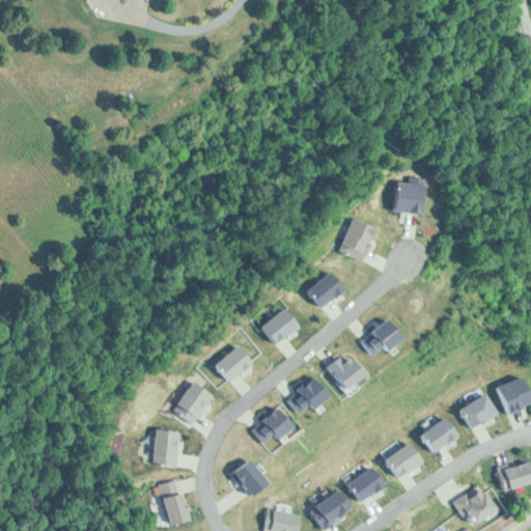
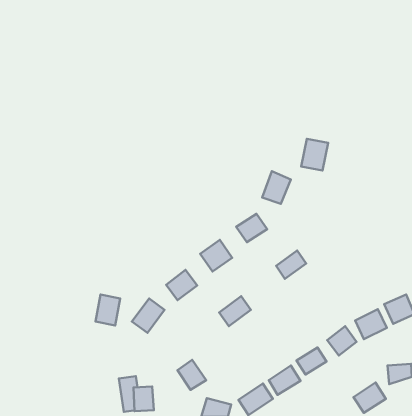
building: [327,358,363,392] -> none
building: [250,407,292,448] -> none
building: [151,428,183,468] -> [96,294,120,325]

